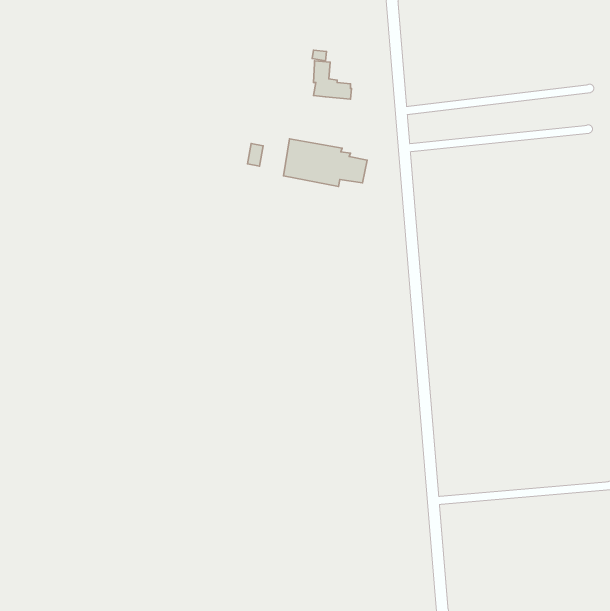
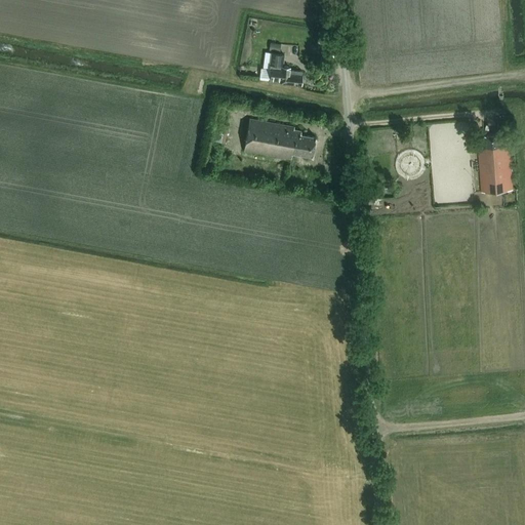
building: none -> [477,133,512,192]

